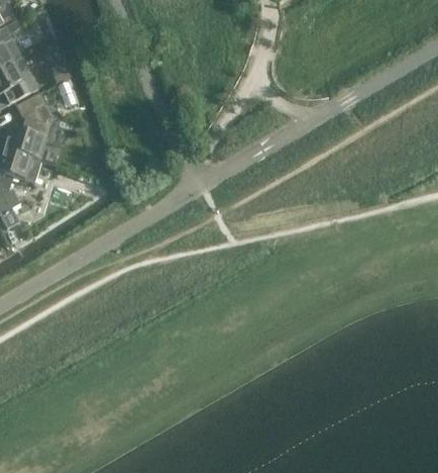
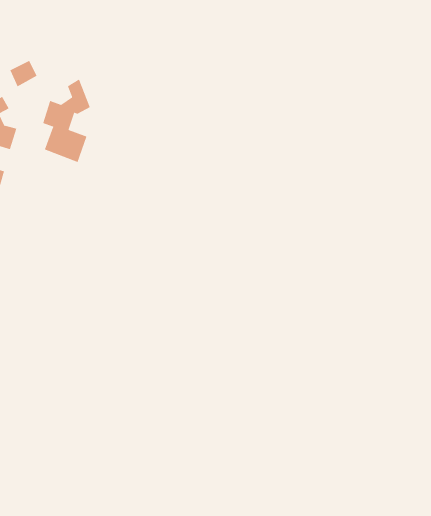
building: none -> [42,78,90,163]

